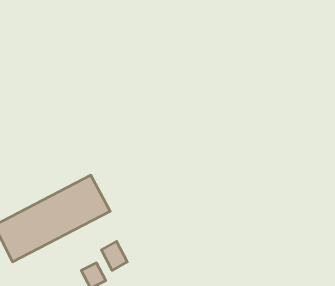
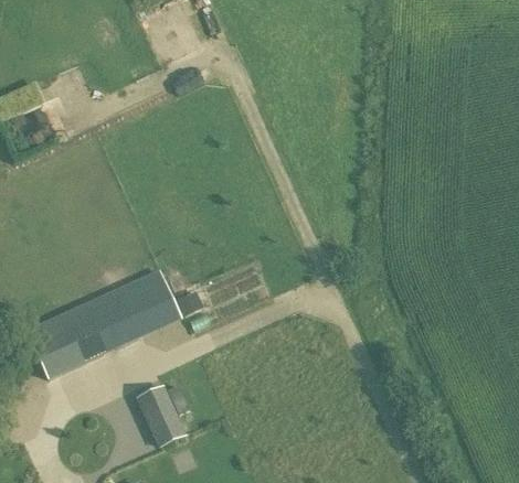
building: [101,241,127,270] -> none

